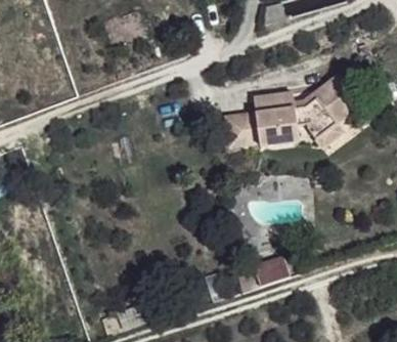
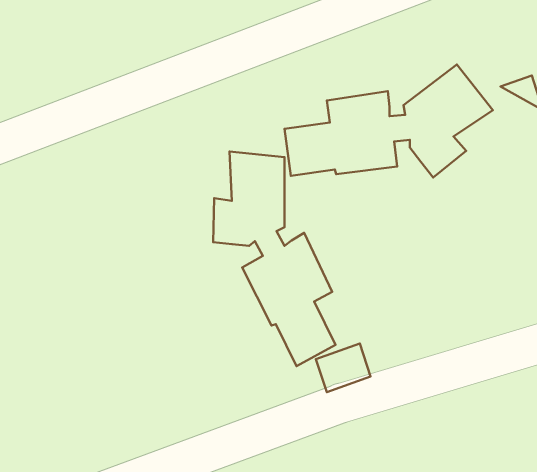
building: none -> [213,151,336,366]

